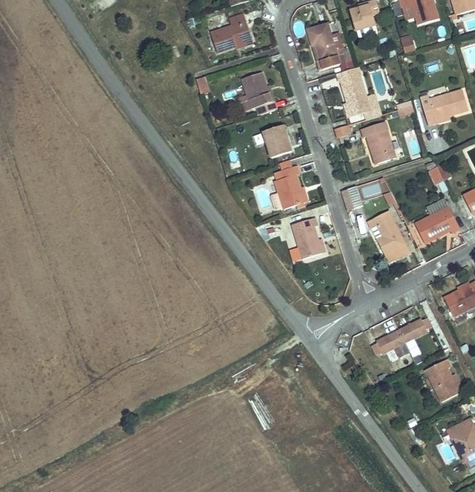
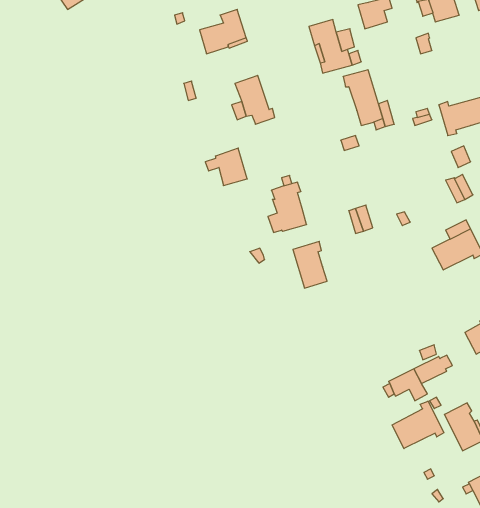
building: [360,122,395,163] -> none
building: [254,124,291,157] -> [205,148,247,186]
building: [367,210,409,262] -> none
building: none -> [392,401,444,449]

